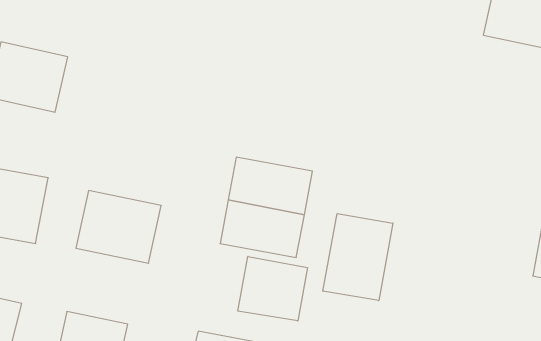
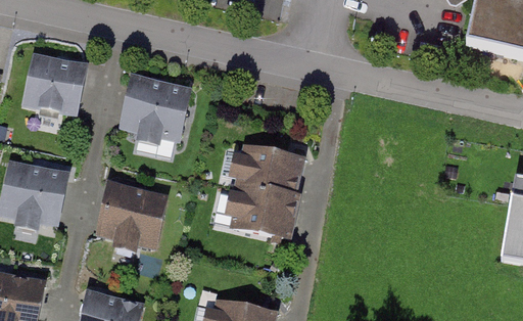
building: none -> [120,74,193,134]
building: [323,214,393,301] -> none
building: [238,256,307,321] -> none

